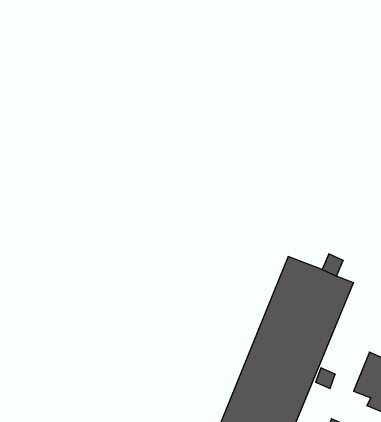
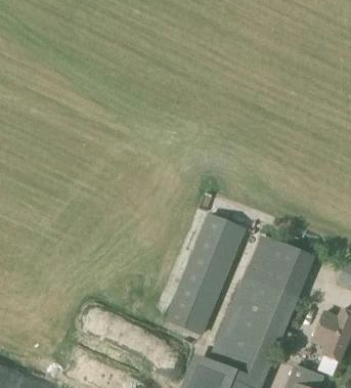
building: none -> [168,216,244,334]

